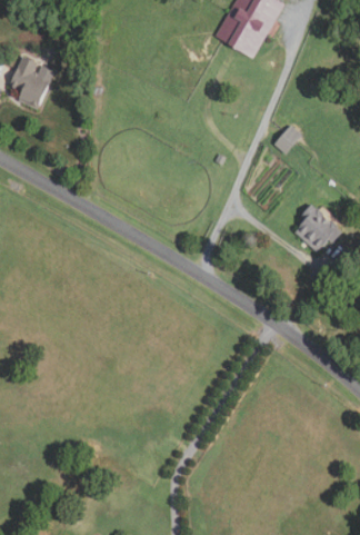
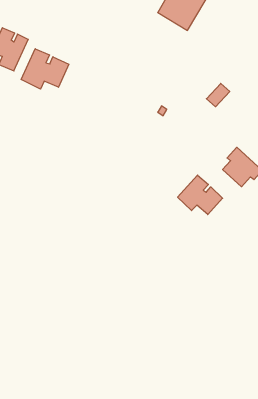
building: none -> [21,49,69,89]
building: none -> [178,175,223,215]

